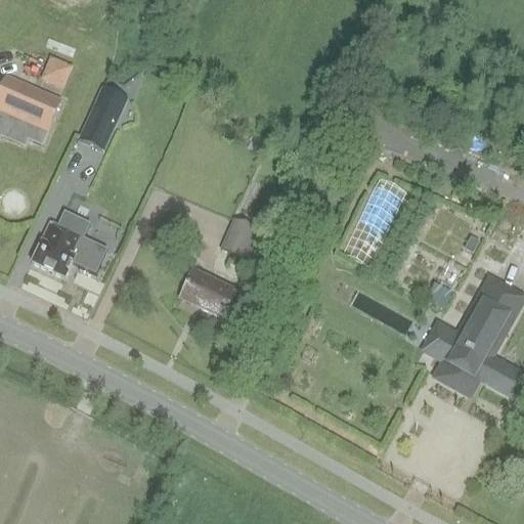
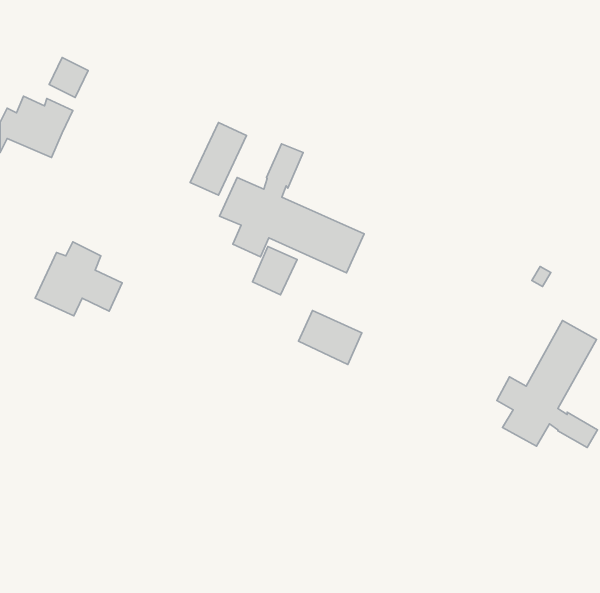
building: [79,84,128,147] -> [190,122,247,195]
building: none -> [220,144,364,273]
building: [180,268,235,315] -> [299,311,362,365]

